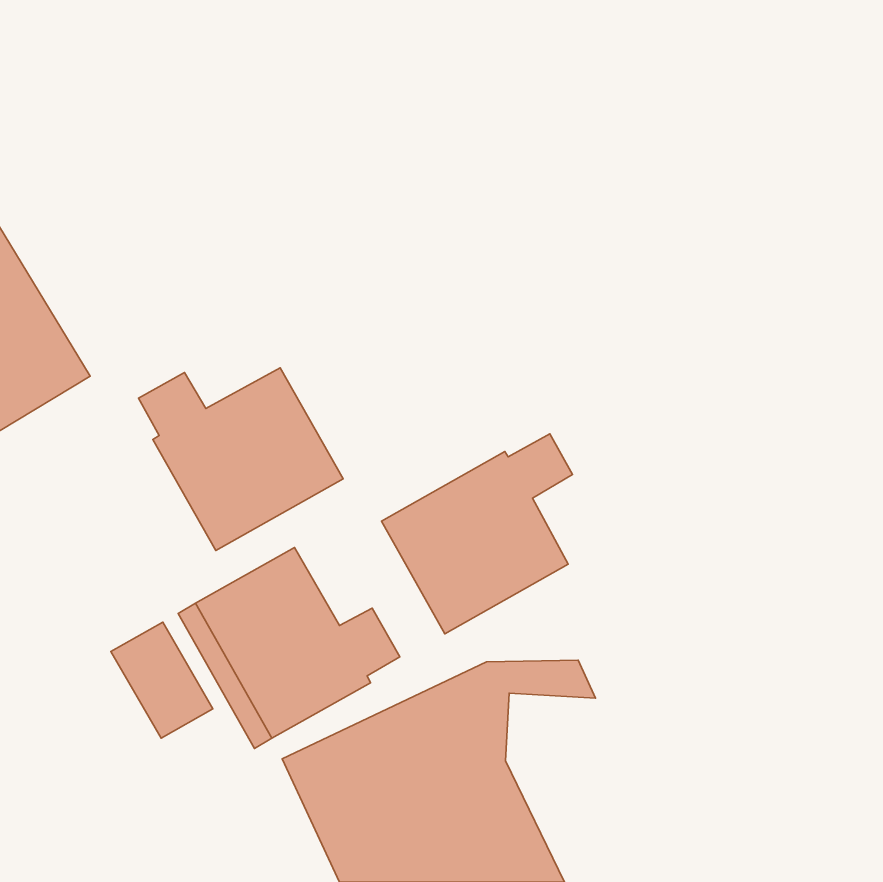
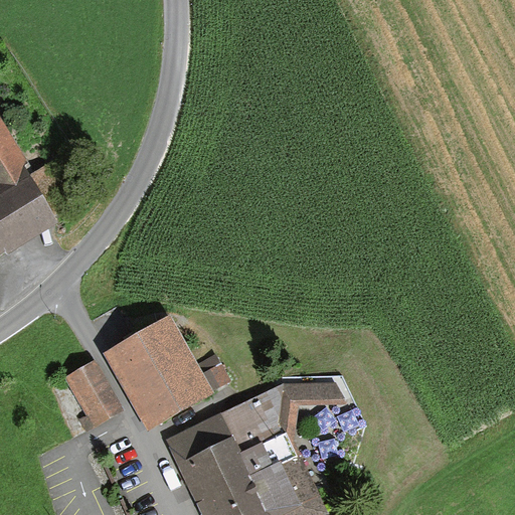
building: [138,368,343,551] -> none
building: [381,434,572,634] -> none

